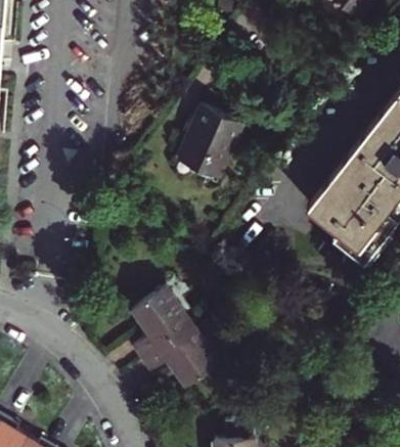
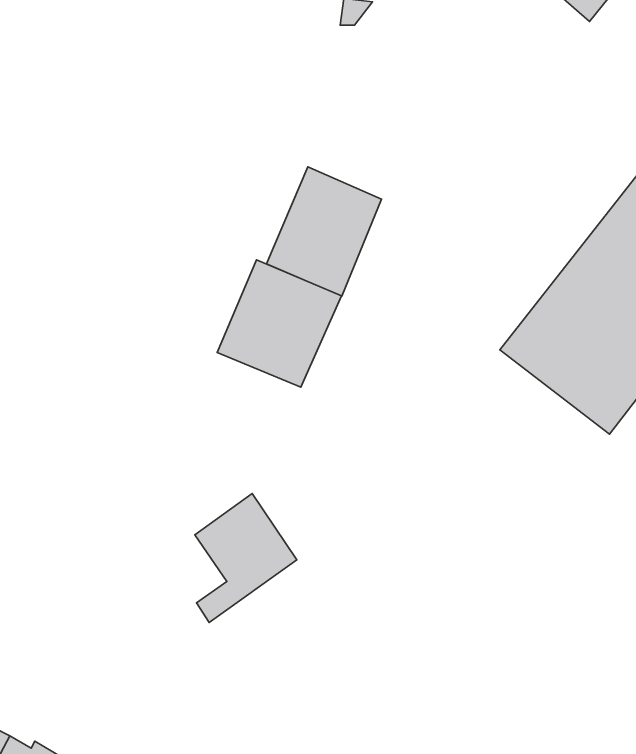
building: none -> [217,260,342,387]
building: [141,331,218,393] -> none

